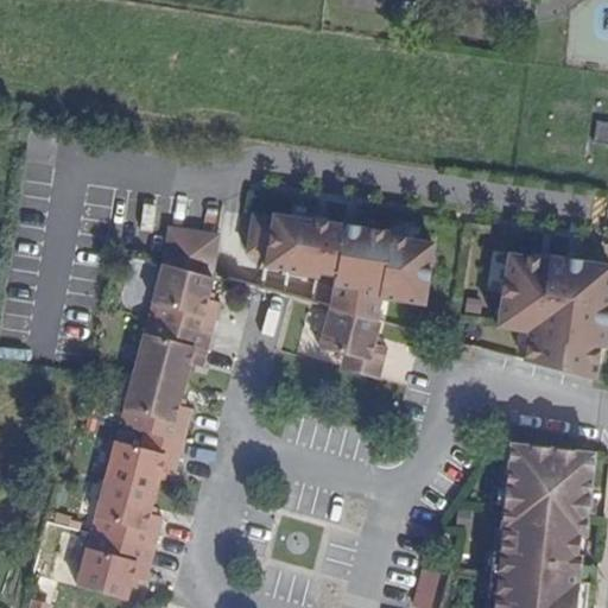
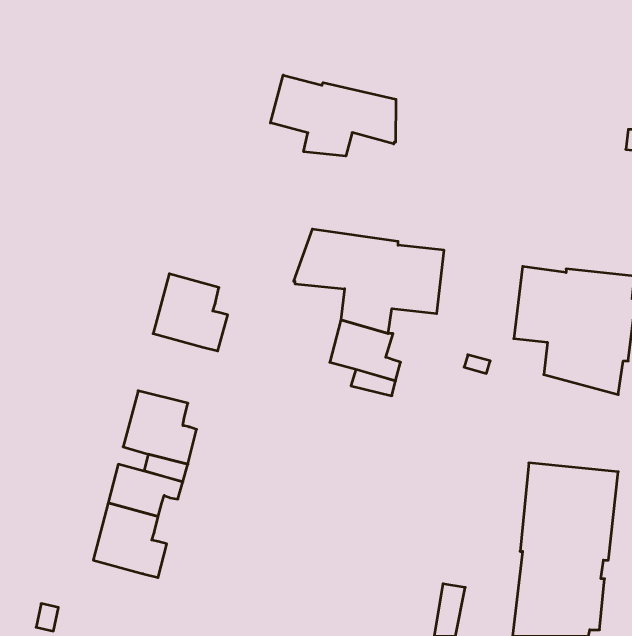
building: none -> [270,75,396,156]
building: [245,214,302,268] -> none
building: [165,226,217,274] -> none
building: [135,318,211,385] -> none
building: [78,534,154,601] -> none

